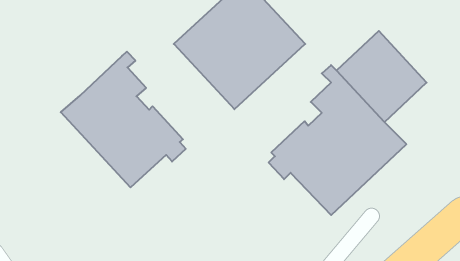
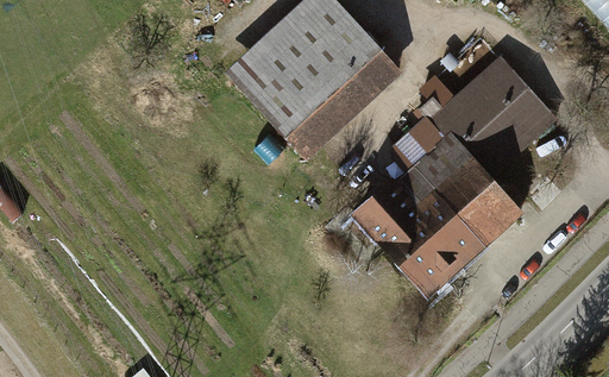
building: [61,52,186,187] -> none

